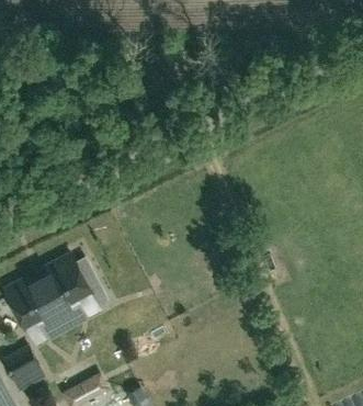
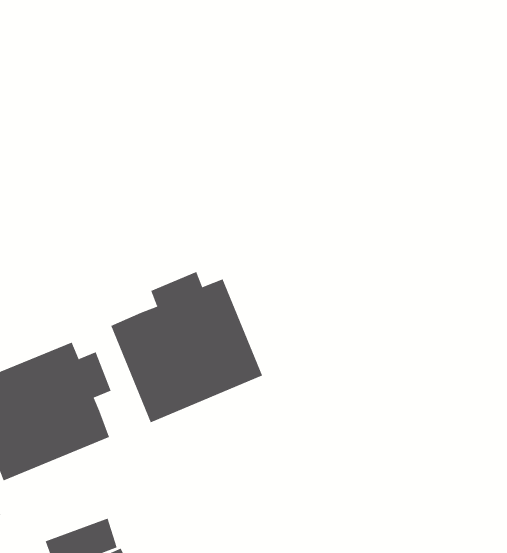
building: none -> [111,271,263,423]

